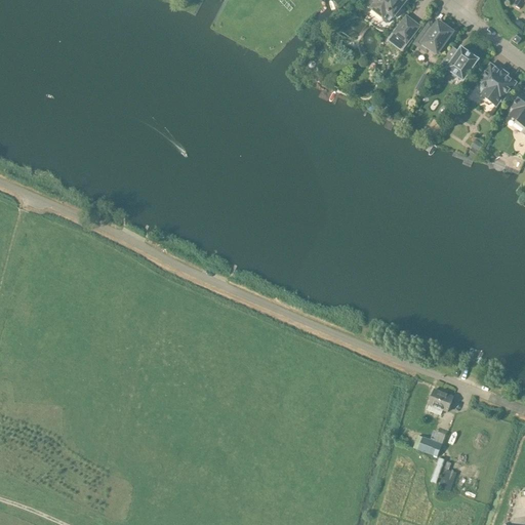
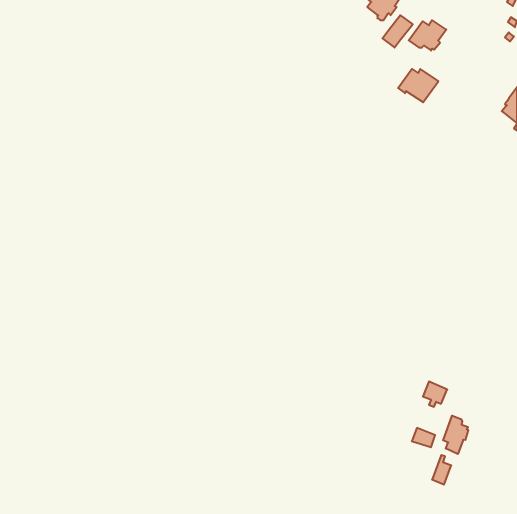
building: [438,45,479,79] -> [398,69,438,102]
building: [477,63,515,104] -> none
building: none -> [443,416,468,454]

